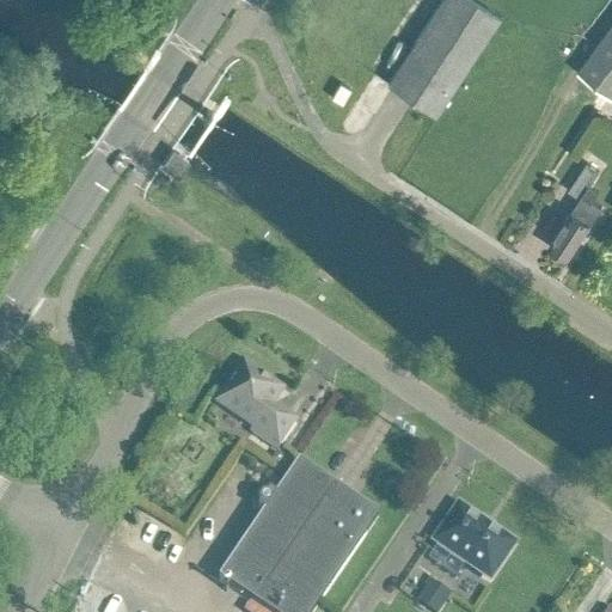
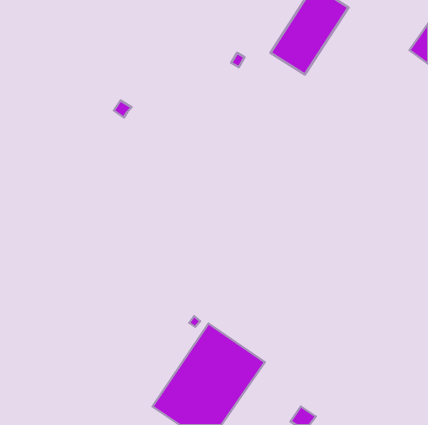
building: [549,155,601,251] -> none
building: [216,360,294,449] -> none
building: [435,508,510,577] -> none

